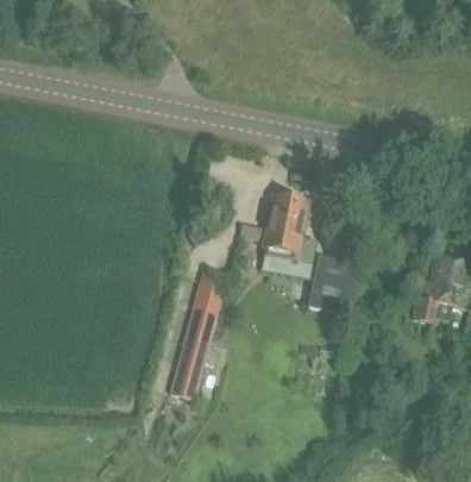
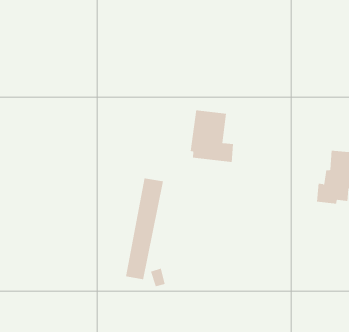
building: [306,255,352,314] -> none

